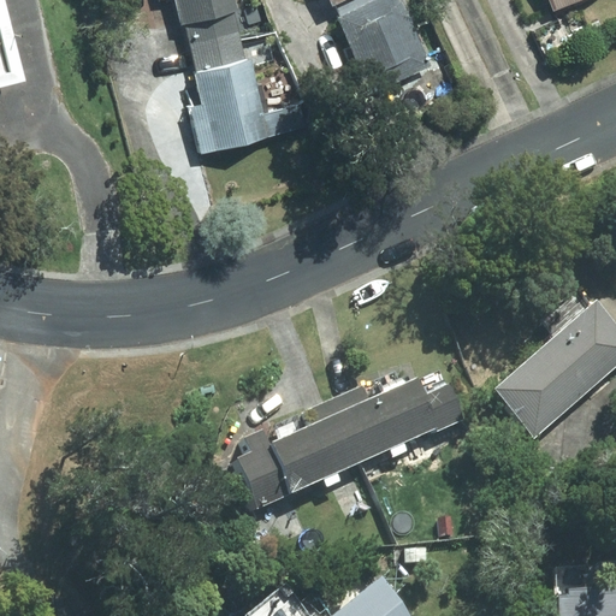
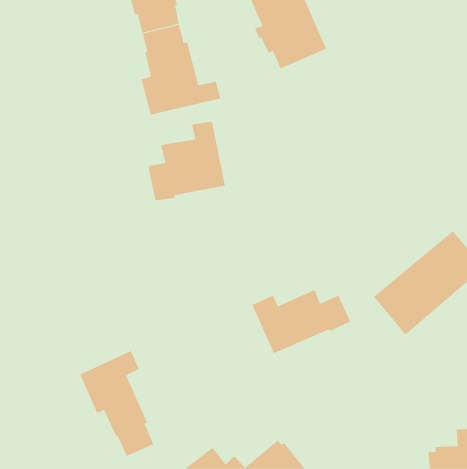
building: none -> [148,121,226,201]
building: [233,398,362,510] -> none
building: none -> [80,350,154,457]

